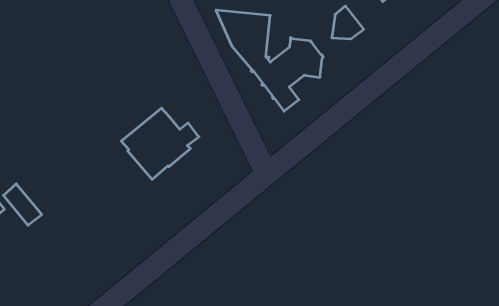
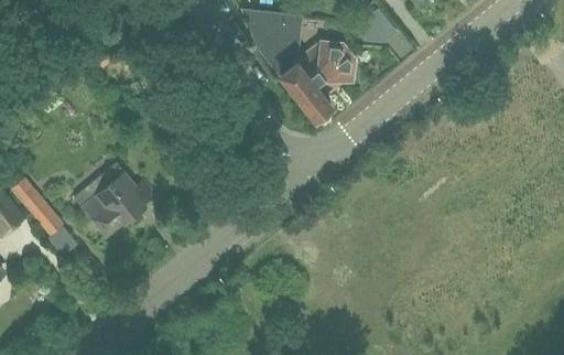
building: [121,108,199,179] -> [75,163,155,237]

